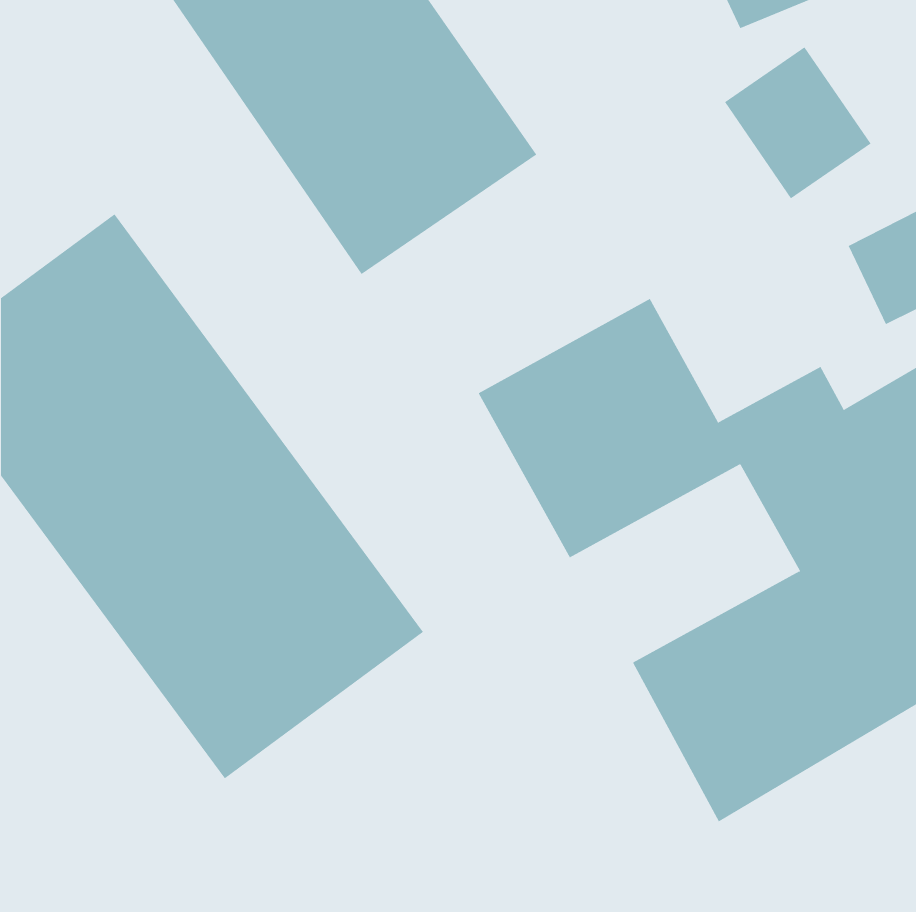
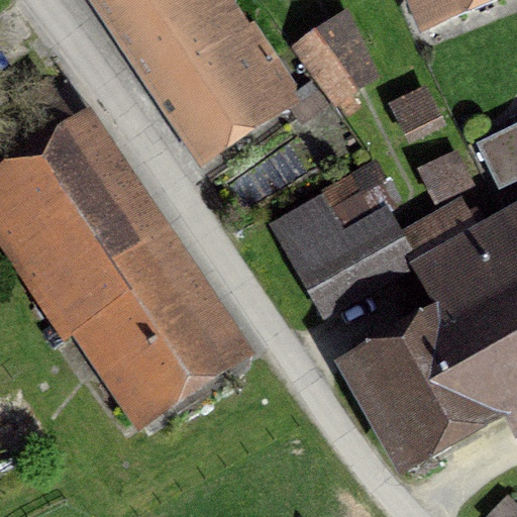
building: [724,47,871,199] -> [301,8,384,94]

